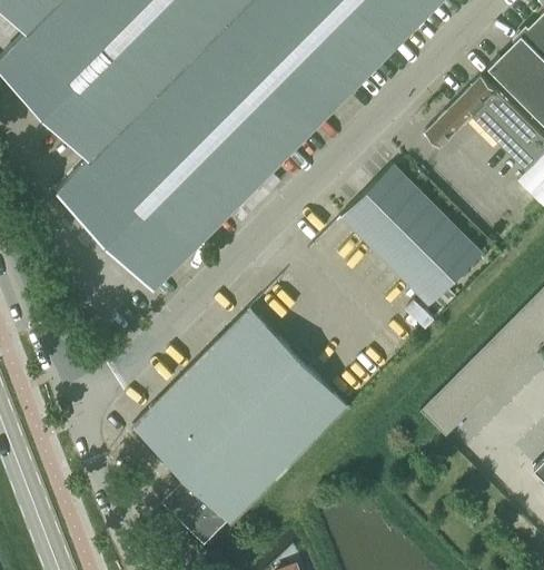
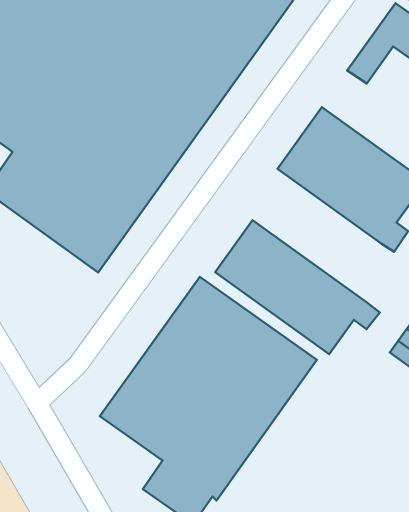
building: none -> [215,220,380,354]

